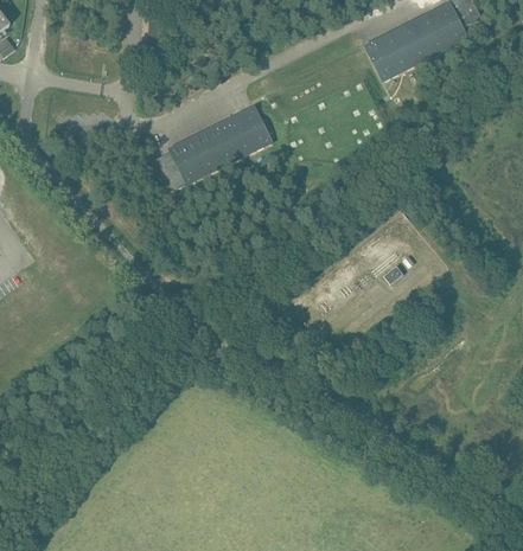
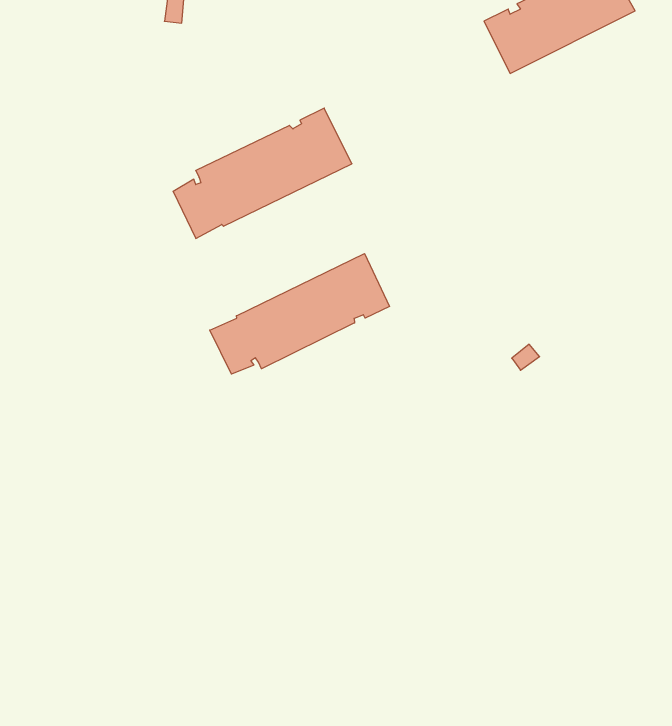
building: none -> [210,254,389,374]

